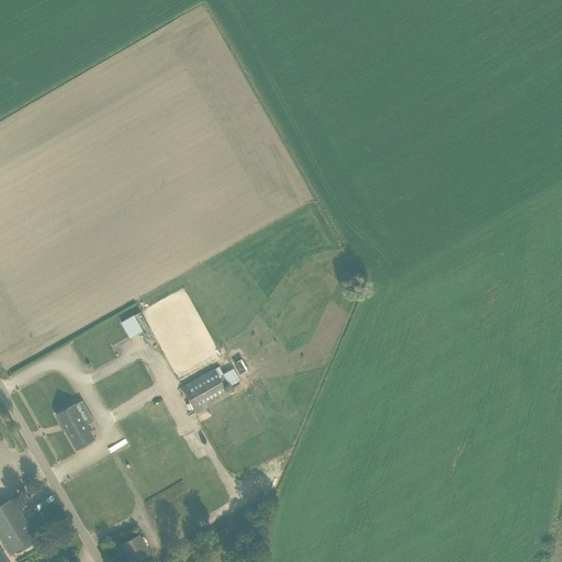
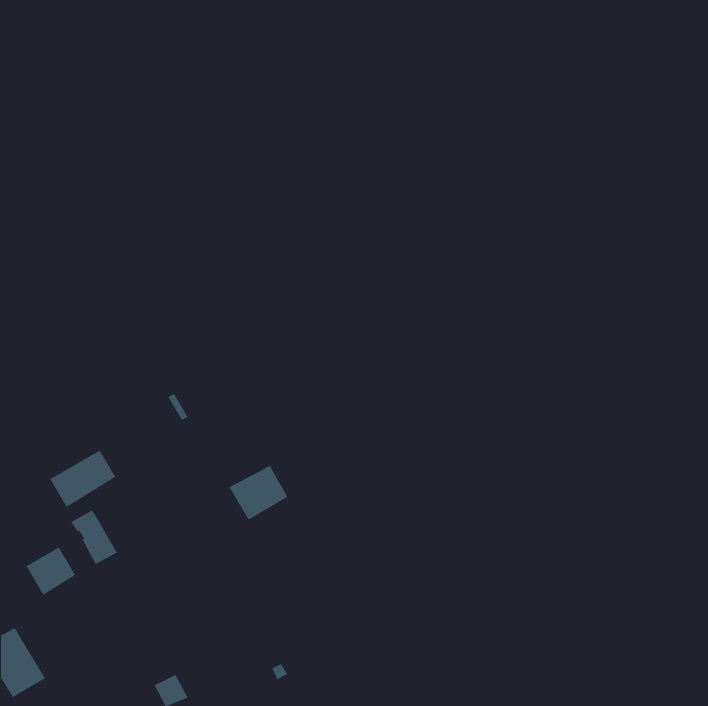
building: none -> [50,450,116,508]
building: none -> [26,547,76,596]

